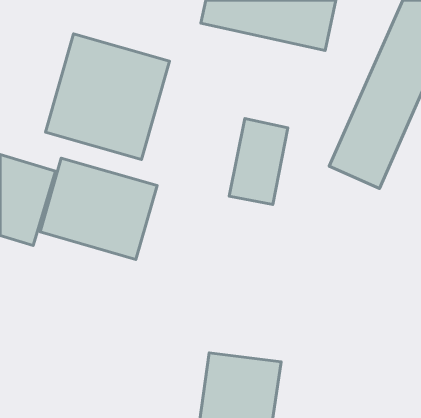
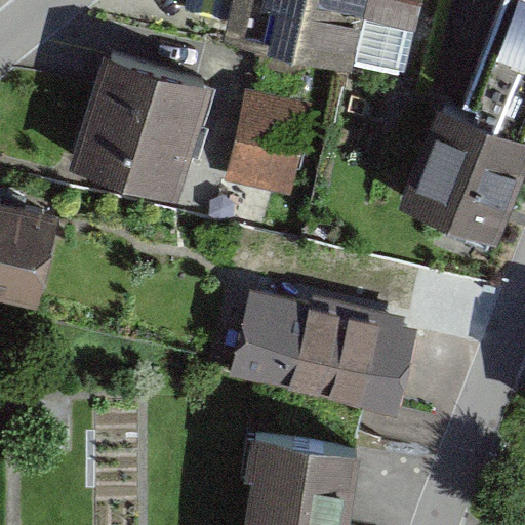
building: [229,119,288,204] -> [232,99,305,206]
building: [40,158,157,259] -> none
building: none -> [232,297,402,409]

